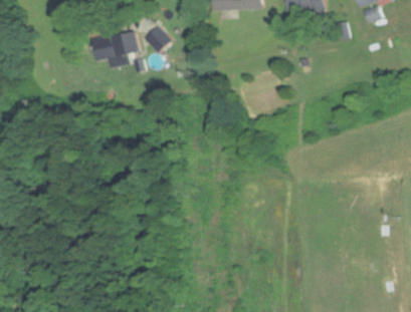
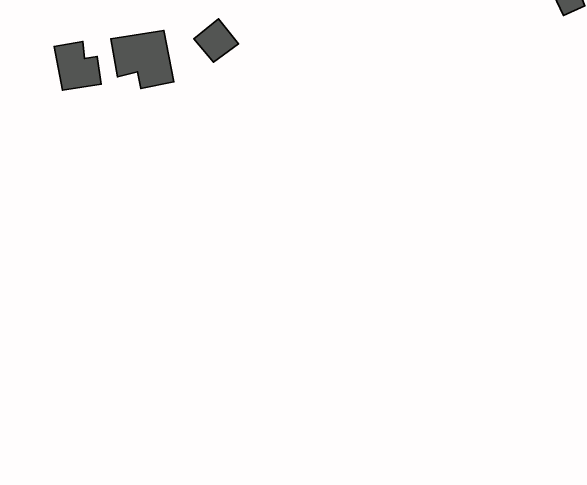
building: none -> [54,42,101,90]

